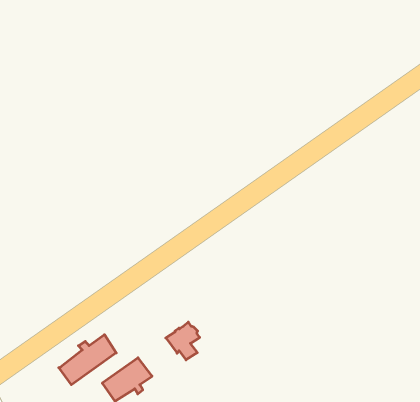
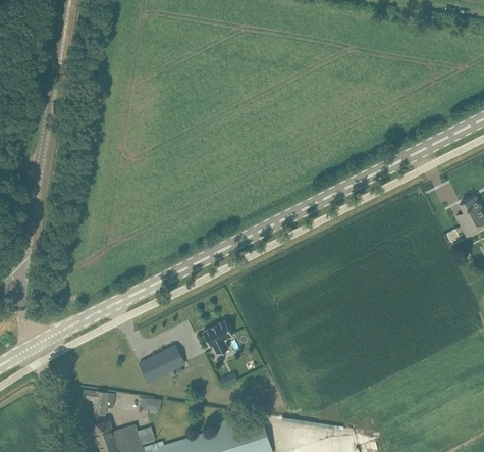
building: [59,335,116,385] -> none

